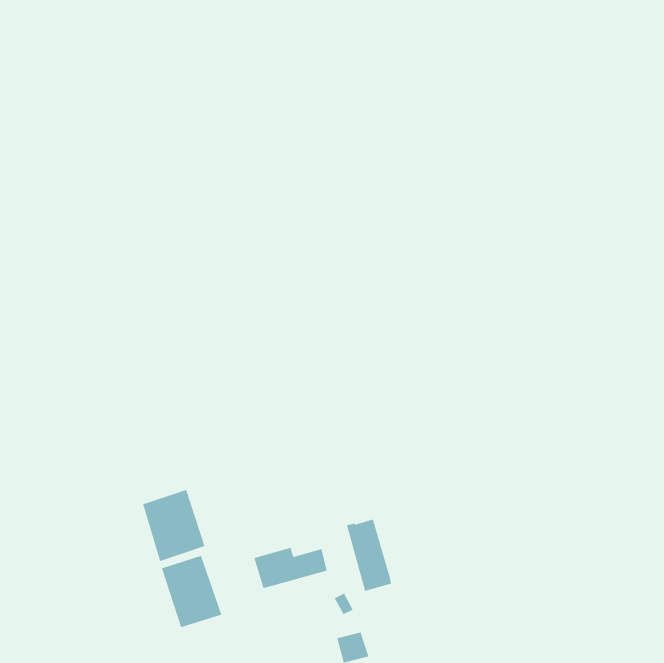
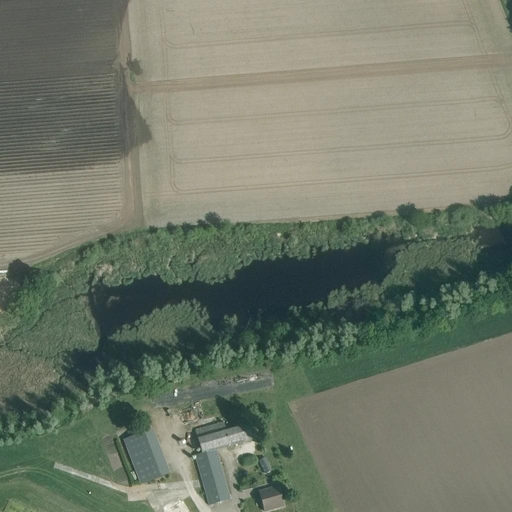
building: [142,489,205,562] -> none
building: [346,519,392,592] -> [195,449,230,505]

